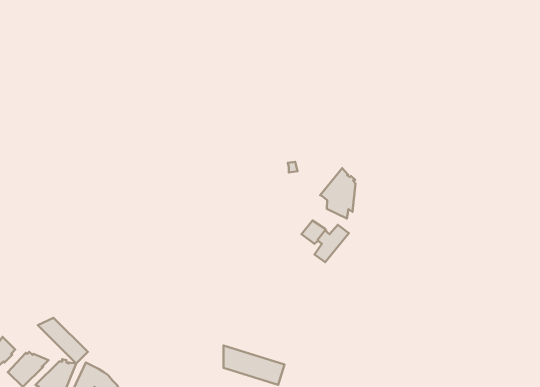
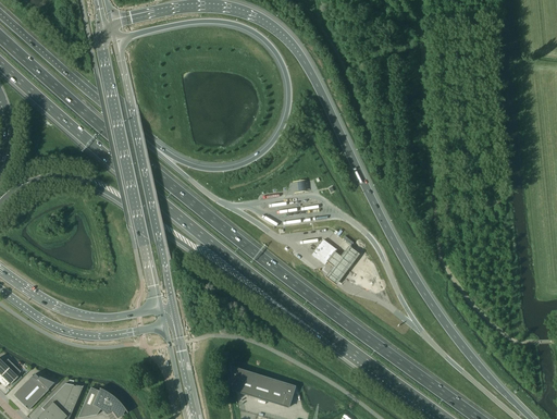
building: [320,168,355,218] -> none
building: [38,318,88,364] -> none

